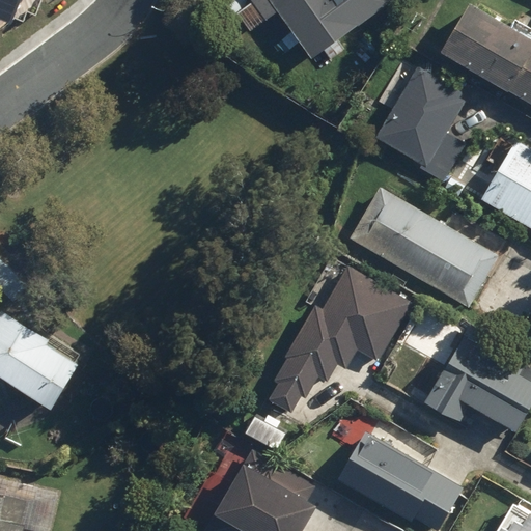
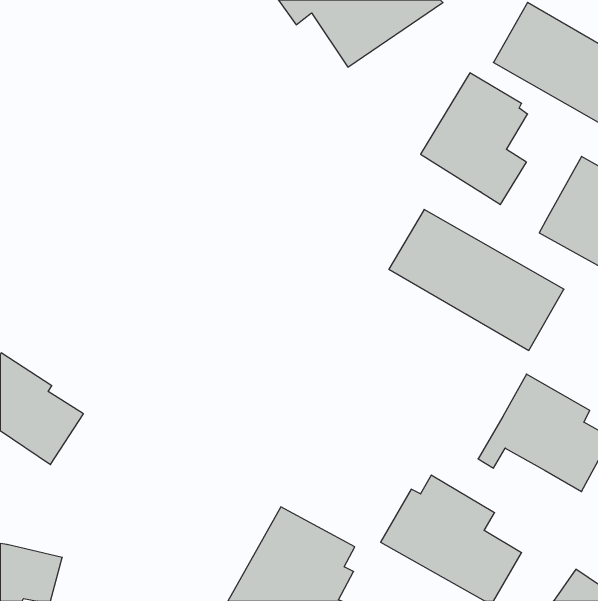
building: [268,253,417,414] -> none

